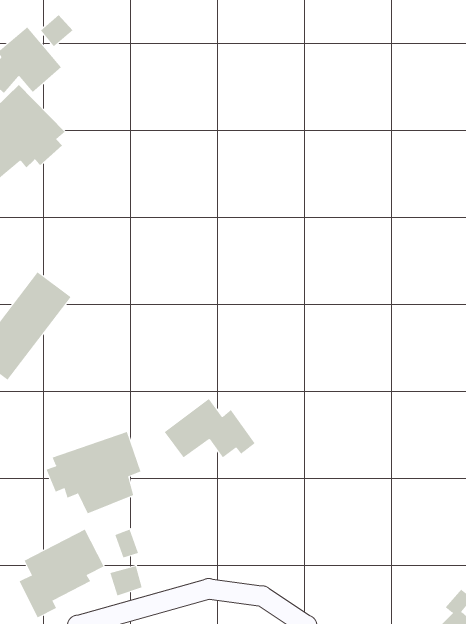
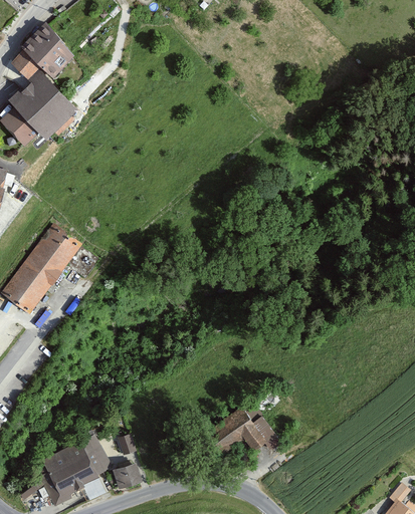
building: [40,14,74,47] -> none
building: [164,398,256,458] -> [205,406,280,455]
building: [46,431,141,514] -> none

